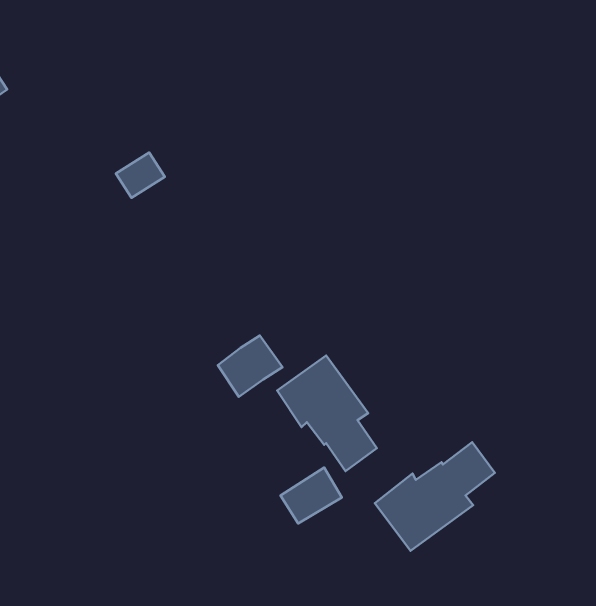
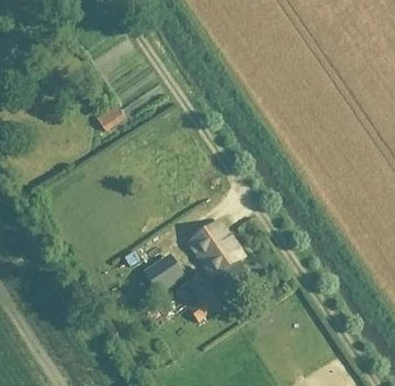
building: [218,336,283,397] -> [145,255,183,290]
building: [375,442,495,551] -> none

